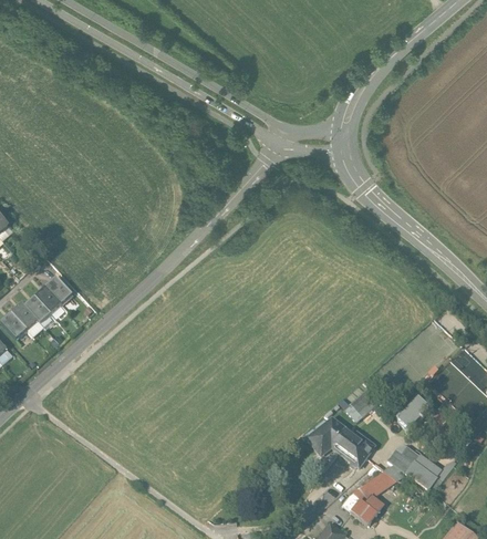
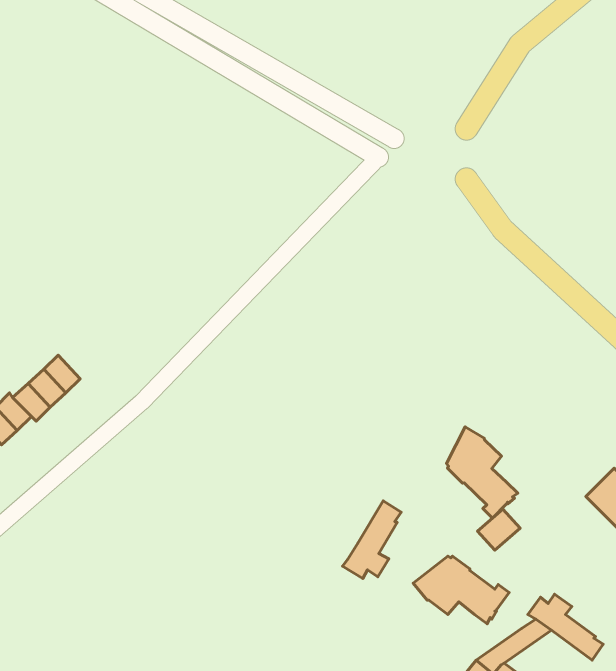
building: none -> [447,427,518,518]
building: none -> [343,501,401,578]
building: [398,400,429,431] -> none

